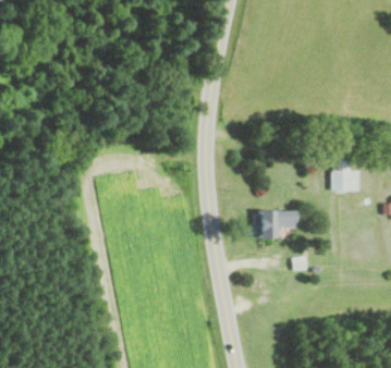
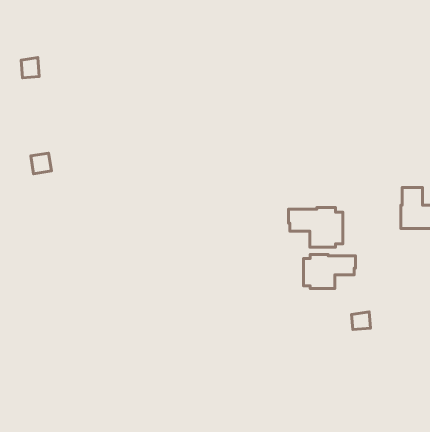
building: none -> [288,207,343,247]

